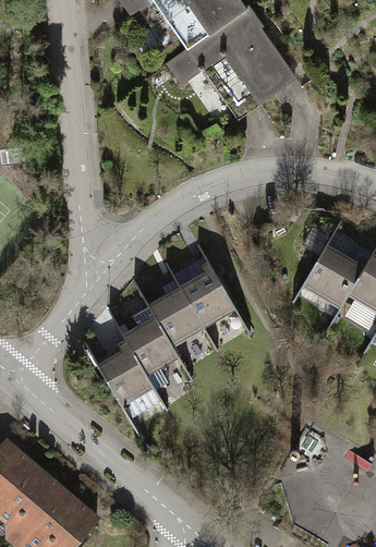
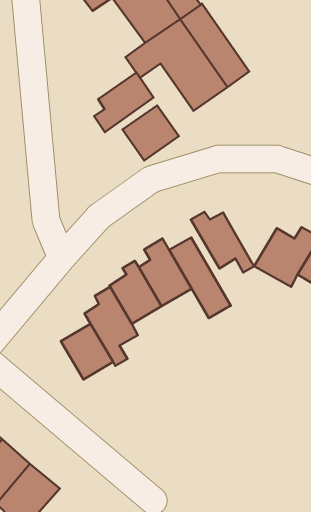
building: none -> [94,73,154,132]
building: none -> [122,105,179,160]
building: none -> [191,212,254,273]
building: none -> [169,237,231,318]

